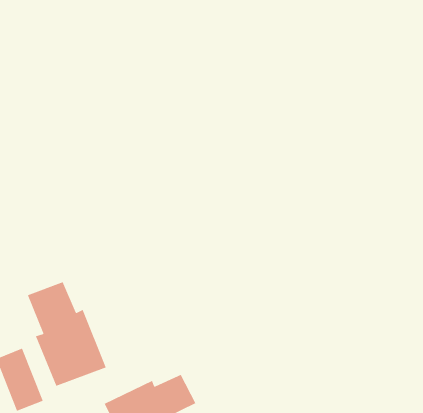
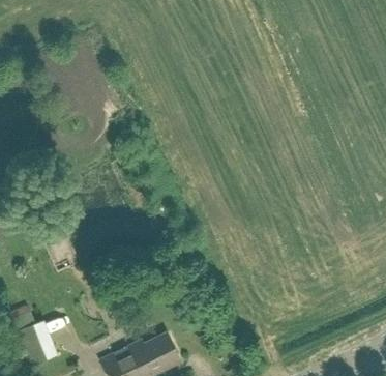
building: [27,281,107,387] -> none

